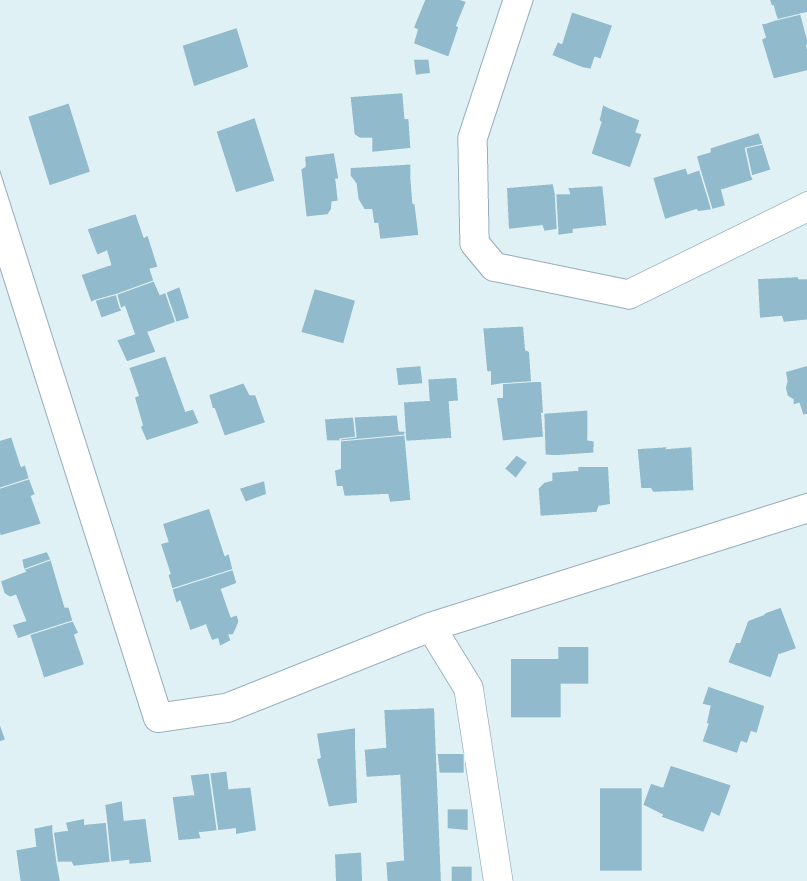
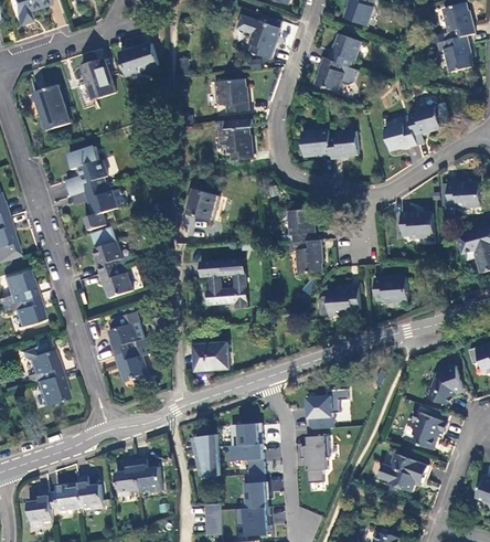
building: [591,104,642,168] -> [316,55,344,91]
building: [216,118,275,193] -> [82,57,115,99]
building: [301,152,339,217] -> none
building: none -> [401,211,434,236]
building: [403,377,458,441] -> none
building: [208,383,266,436] -> [100,266,132,296]
building: [544,410,594,456] -> none
building: none -> [194,341,228,370]
building: [599,788,643,871] -> [301,434,326,480]

